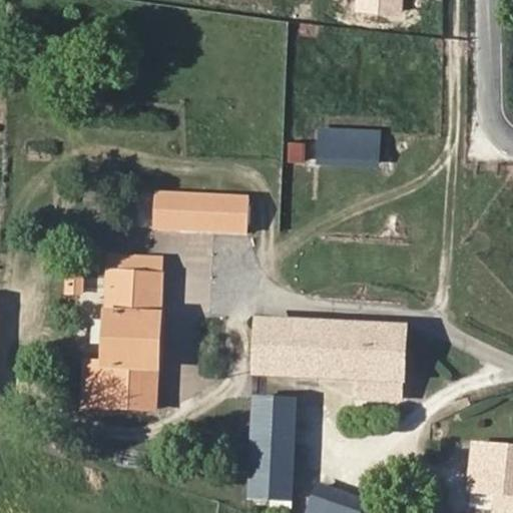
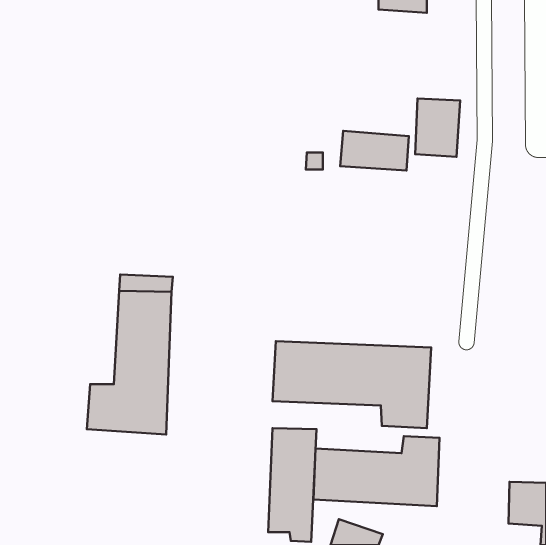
building: none -> [415,99,460,157]
building: [155,193,248,232] -> none
building: none -> [313,436,440,506]

